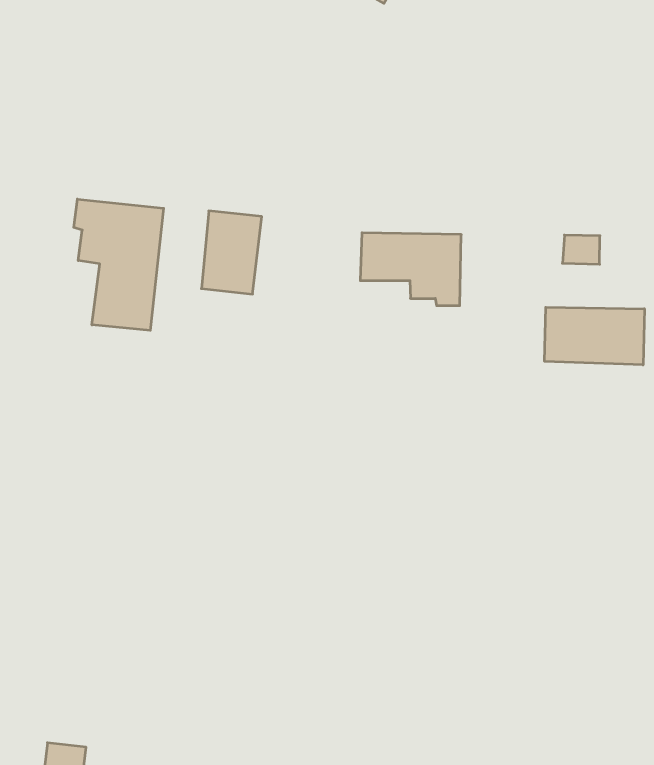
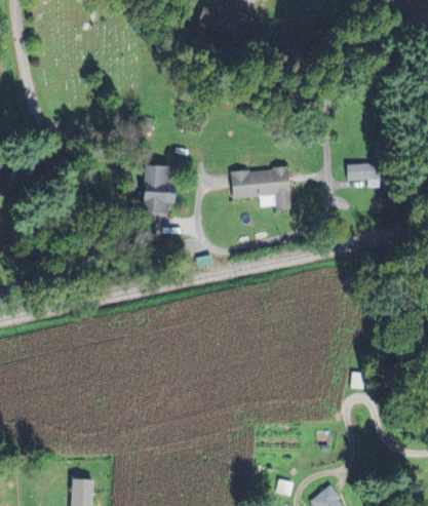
building: [74,199,164,330] -> none
building: [545,307,644,365] -> none

